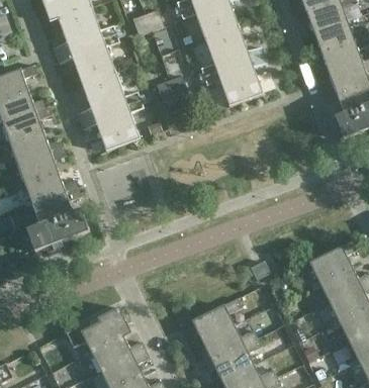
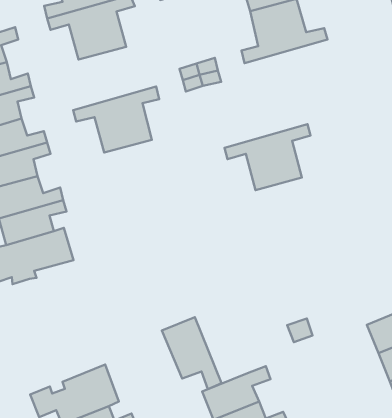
building: [203,56,266,107] -> [224,124,311,190]
building: [77,73,140,122] -> none
building: none -> [162,317,222,389]

